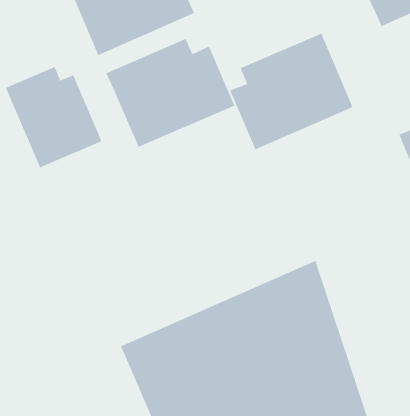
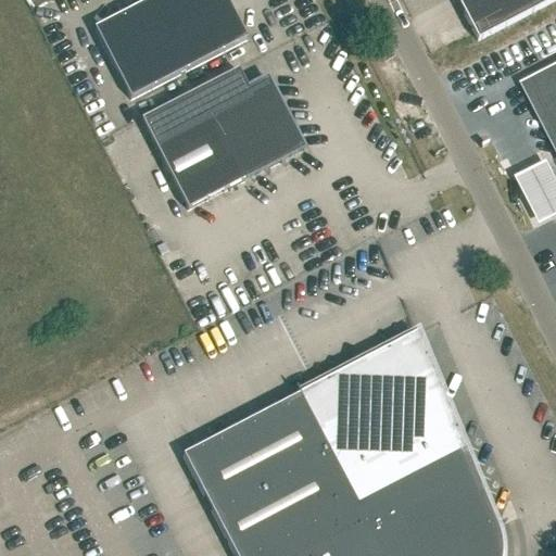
building: [230,33,353,150] -> none
building: [5,66,102,168] -> none

